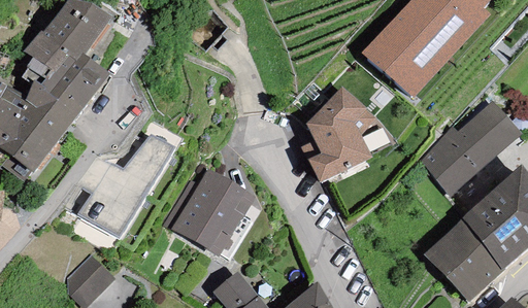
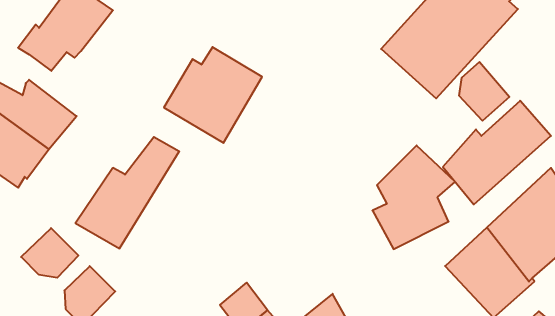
building: [22,54,109,114] -> none
building: none -> [459,62,509,121]
building: [301,85,378,182] -> [372,145,455,249]
building: [163,168,255,258] -> [164,47,262,143]
building: none -> [21,228,78,278]

